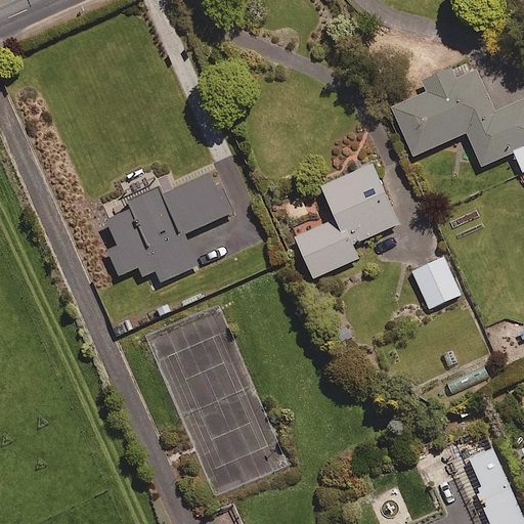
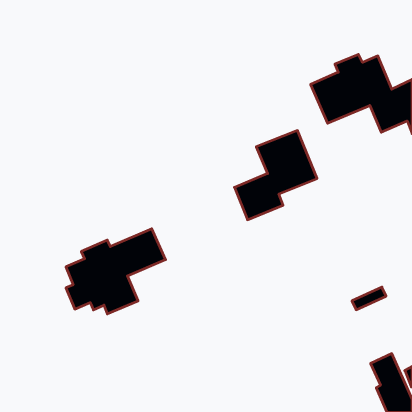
building: [106,170,232,277] -> [66,229,166,314]
building: [410,258,462,311] -> none

